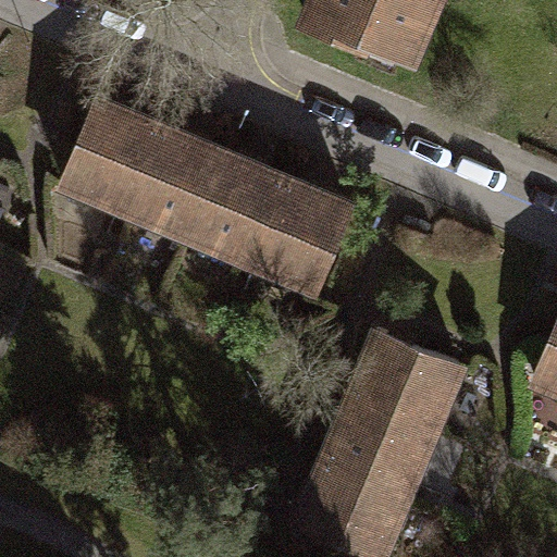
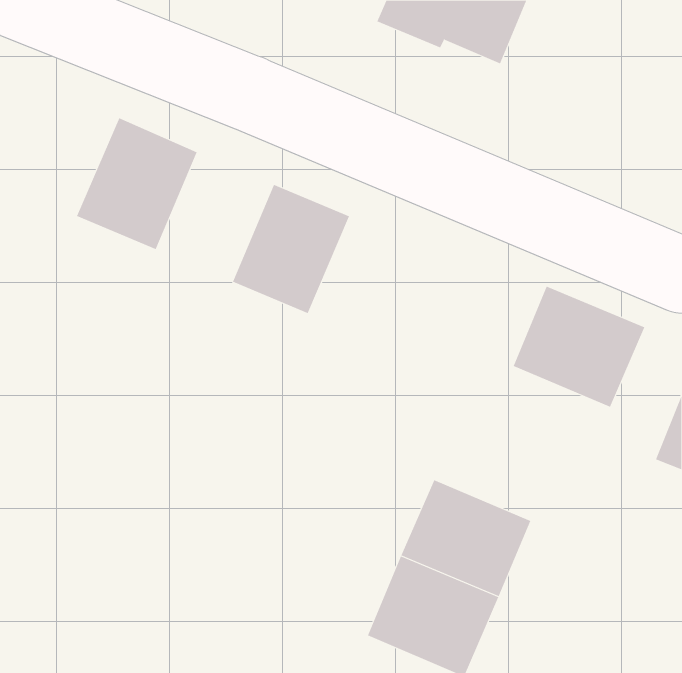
building: [127,132,223,237] -> none
building: [251,184,350,290] -> none
building: [354,333,461,432] -> [513,286,645,407]

